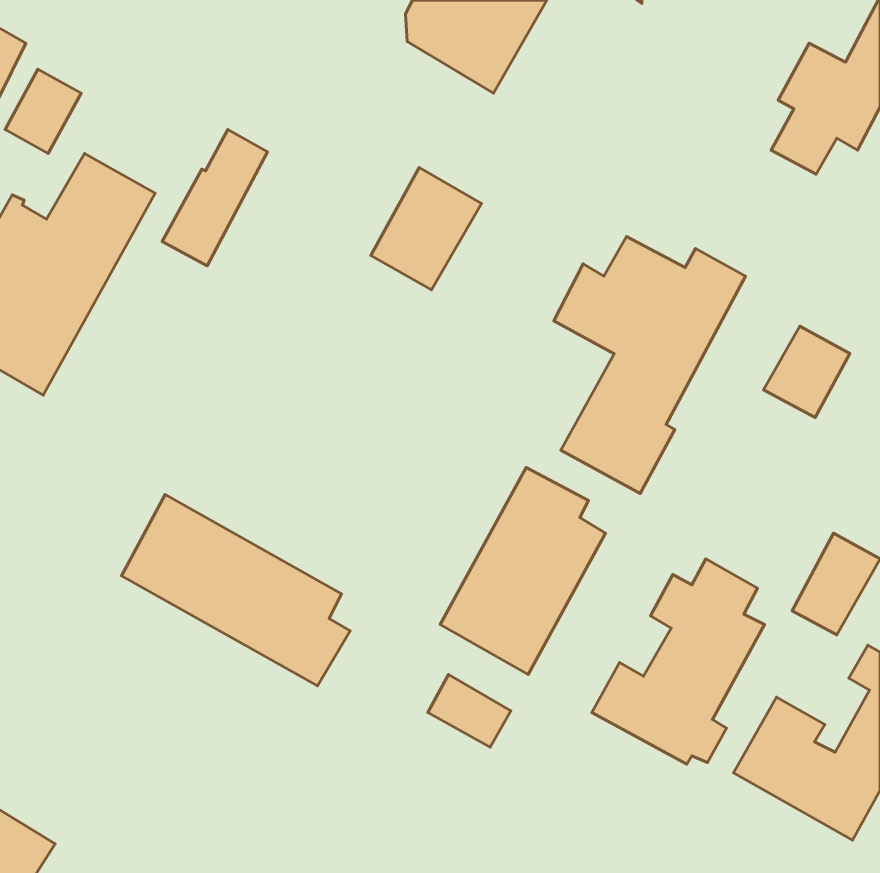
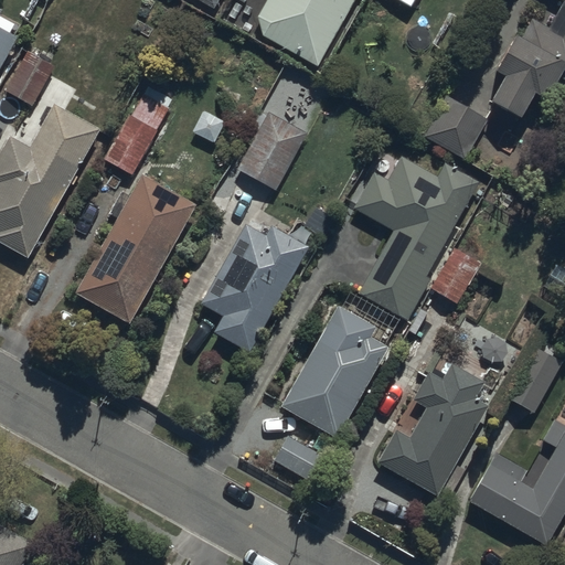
building: none -> [422,95,488,161]
building: none -> [73,172,194,322]
building: [763,326,850,418] -> [429,248,484,307]
building: none -> [200,223,308,352]
building: [121,494,350,686] -> none

